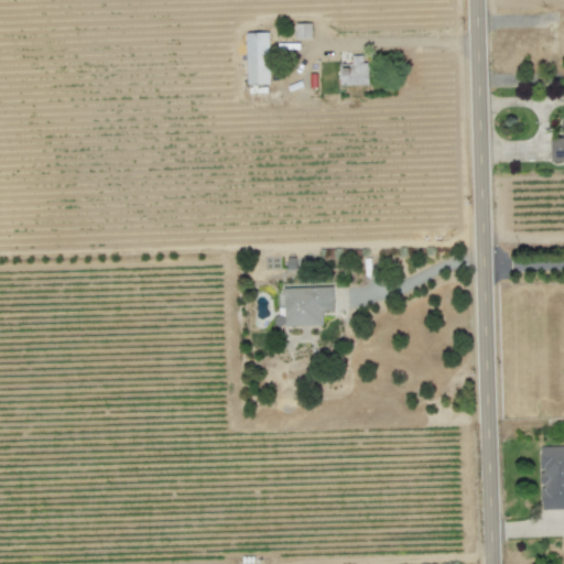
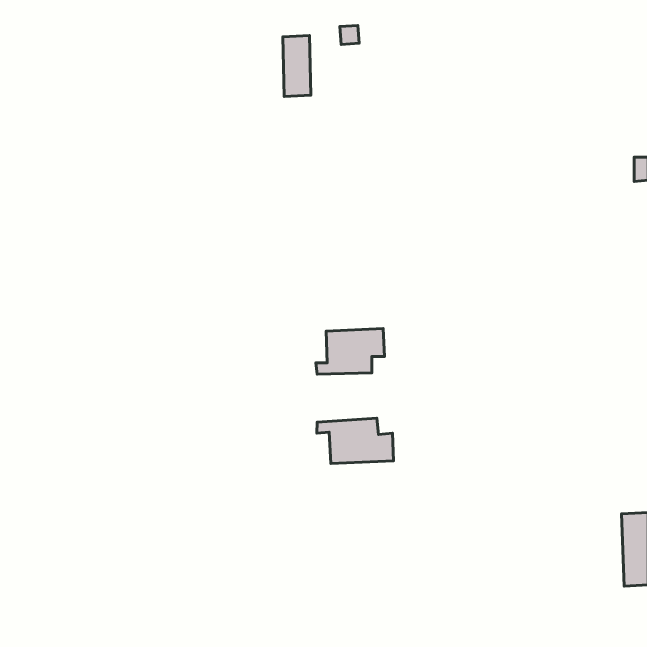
building: [341,55,368,86] -> none
building: none -> [317,418,394,463]

